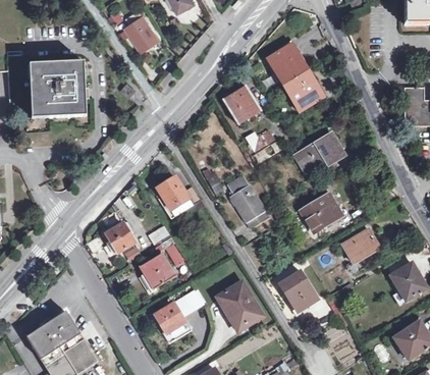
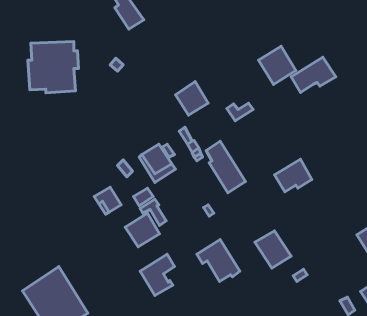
building: [267,43,308,85] -> none
building: [224,86,260,122] -> [176,82,208,115]
building: [297,133,345,172] -> [291,57,336,93]
building: [342,229,379,262] -> none

